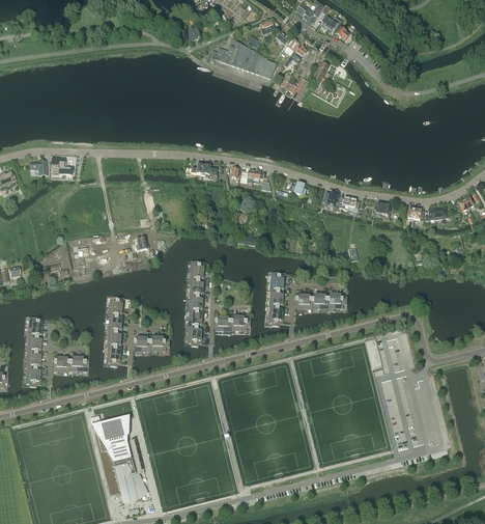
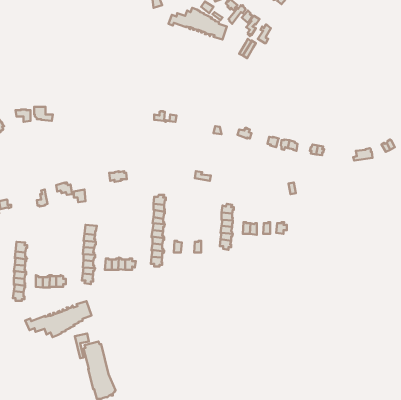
building: none -> [25,301,92,337]

